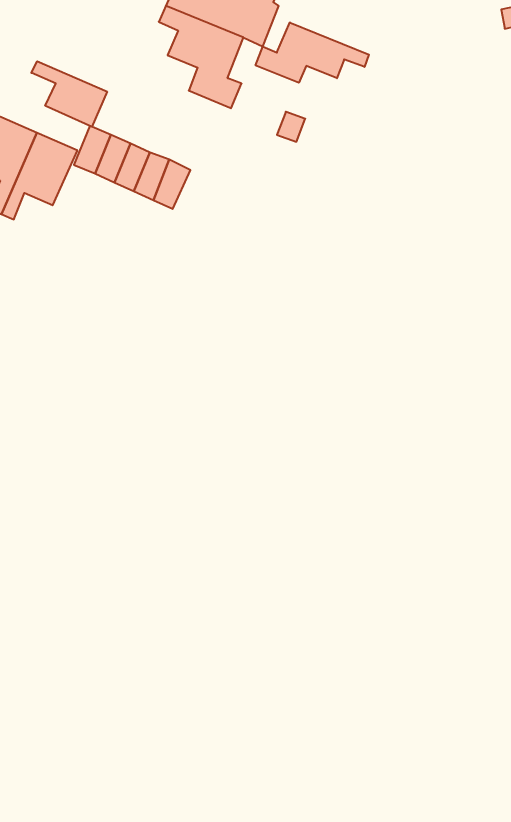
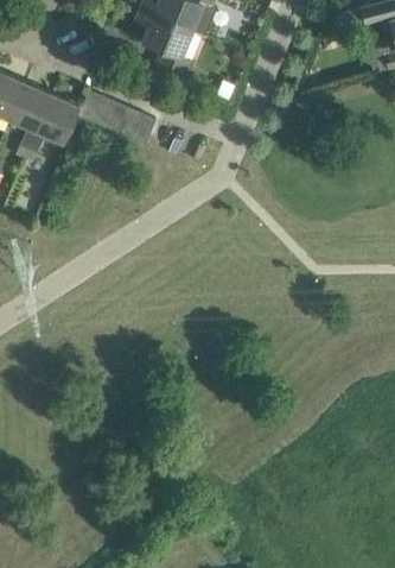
building: [256,22,369,83] -> none
building: [31,61,107,127] -> none

